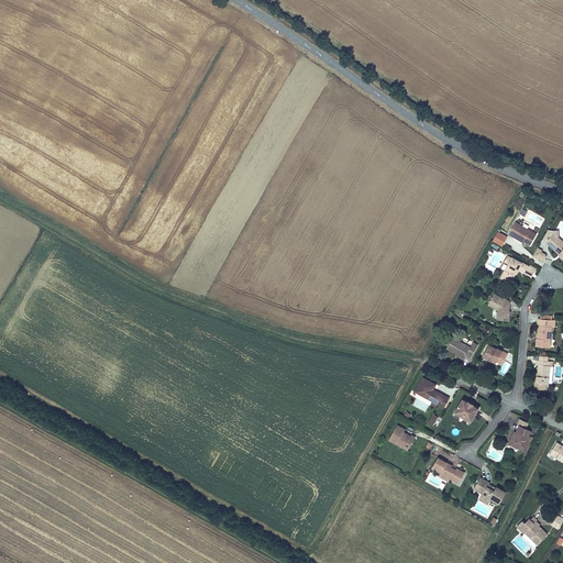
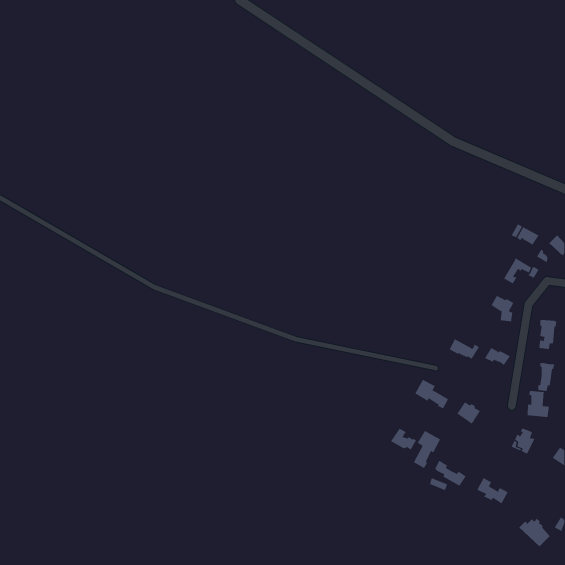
building: none -> [527,390,549,418]
building: none -> [413,430,441,469]

